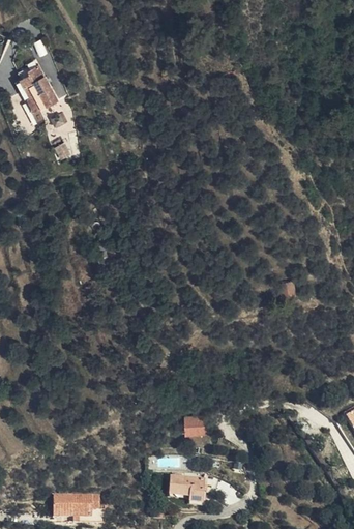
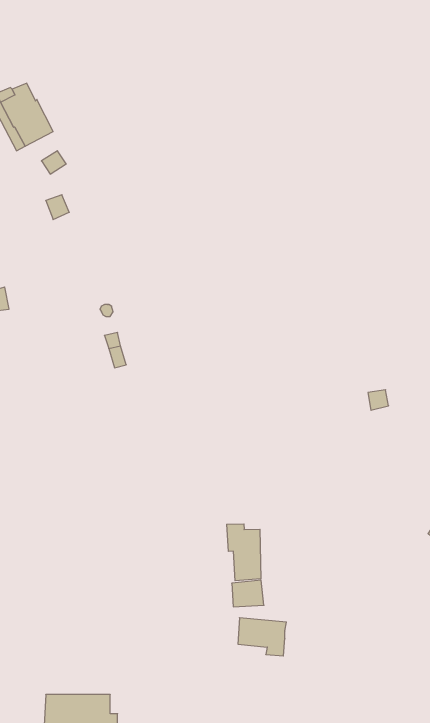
building: none -> [227,524,261,581]
building: [169,475,203,502] -> [238,618,286,656]

